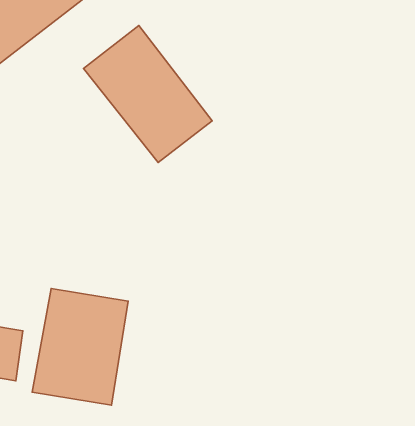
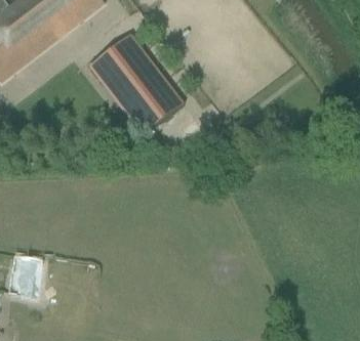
building: [32,289,128,405] -> none

